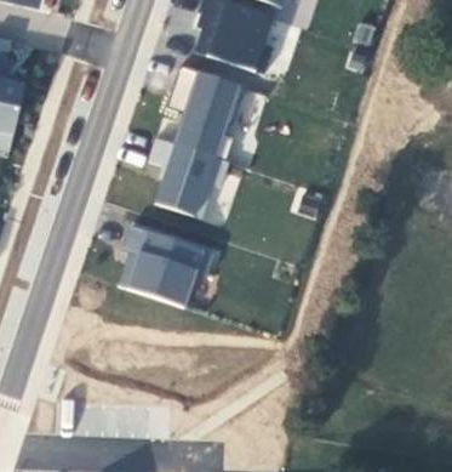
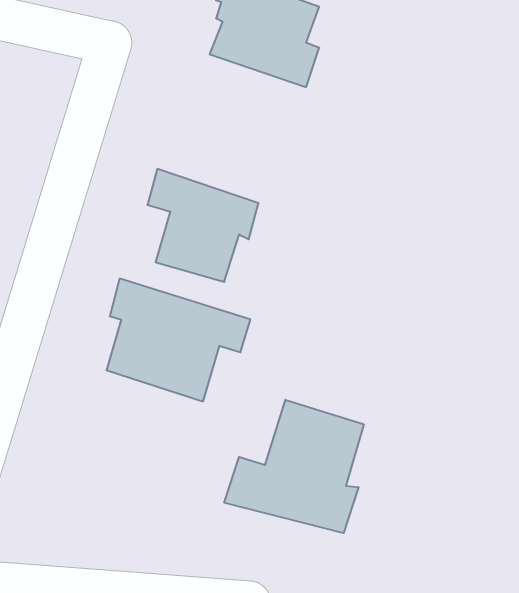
building: [166,66,244,161] -> none
building: none -> [224,400,364,533]

